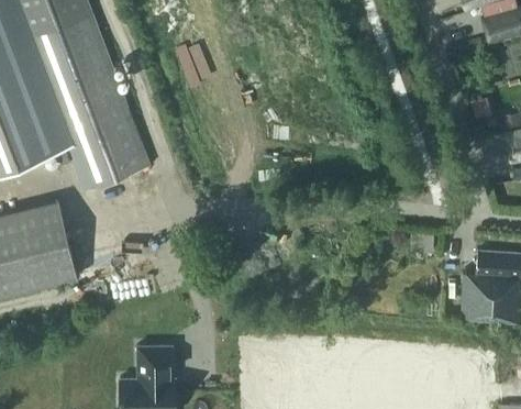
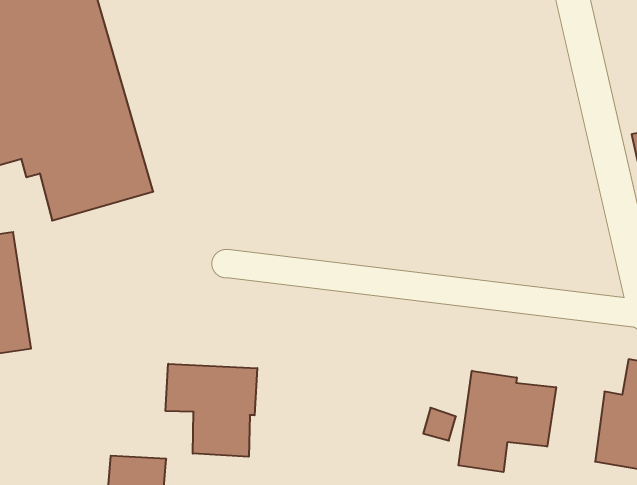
building: none -> [458,371,556,472]
building: none -> [166,364,257,457]

